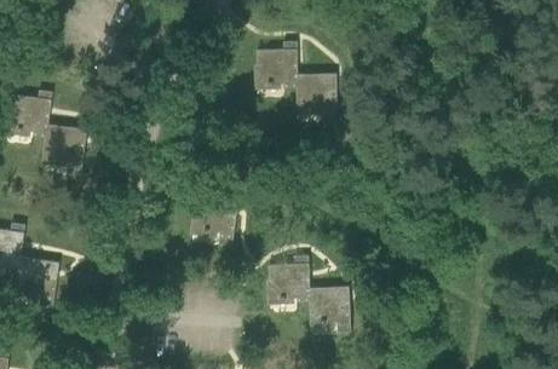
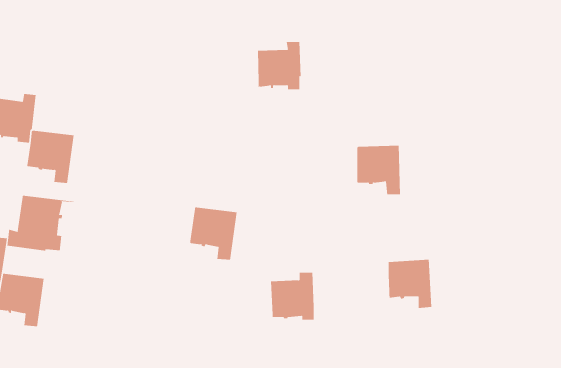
building: [295,74,336,120] -> [356,145,401,195]
building: none -> [7,195,74,251]
building: [309,287,350,333] -> [388,259,432,309]

